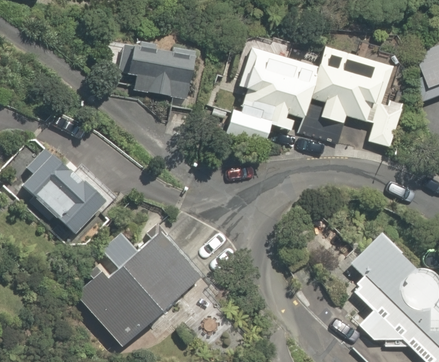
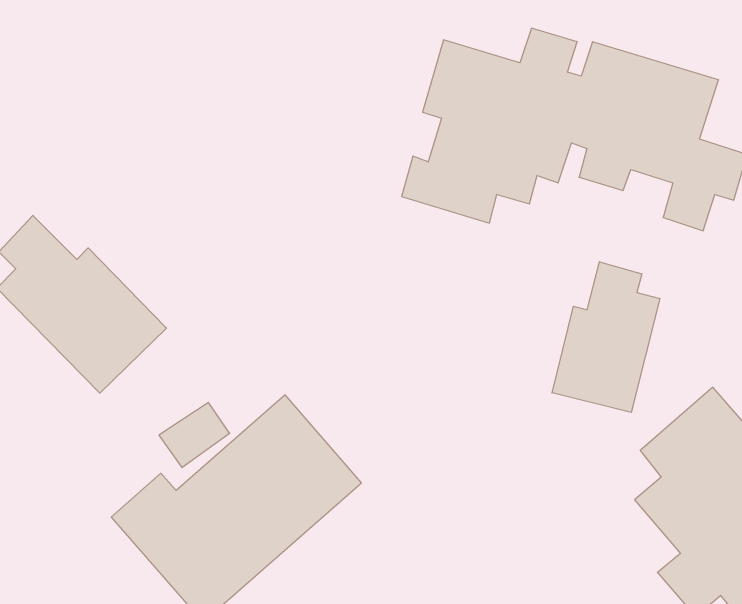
building: [114,49,198,103] -> none
building: none -> [552,262,660,412]

